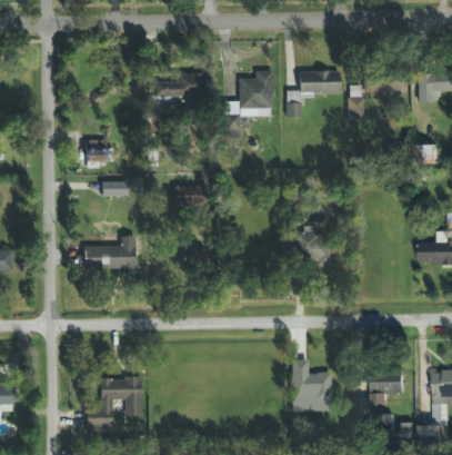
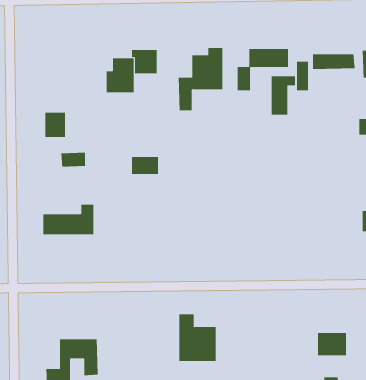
building: none -> [271,76,295,116]
building: [295,233,333,265] -> none
building: [292,360,332,411] -> [179,314,217,362]

